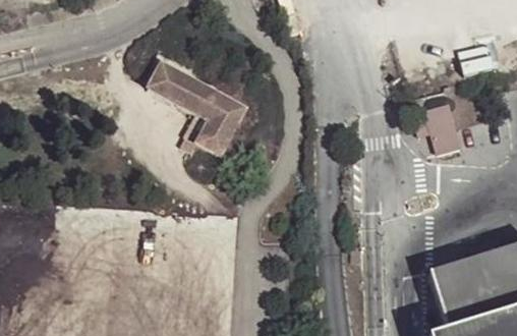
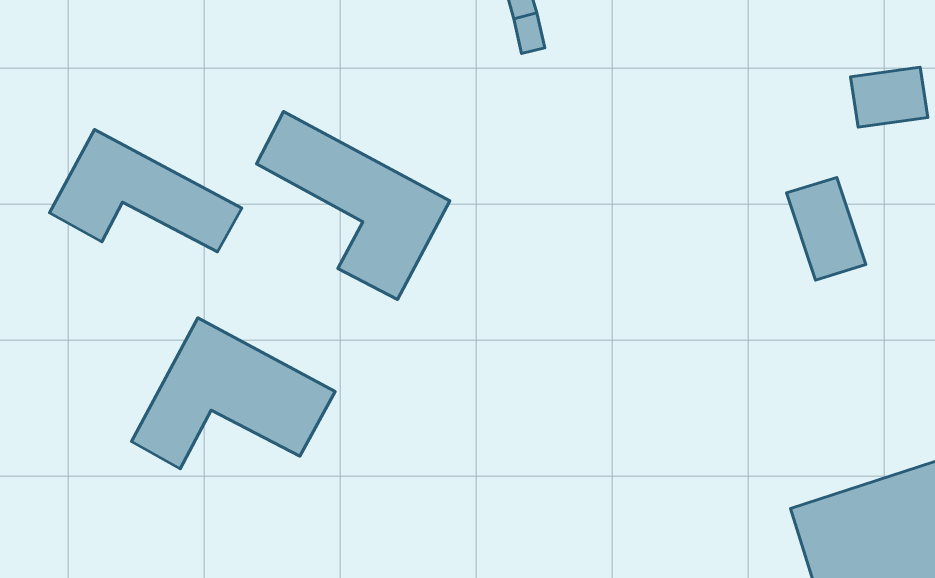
building: none -> [49,129,242,252]
building: none -> [132,318,335,469]

